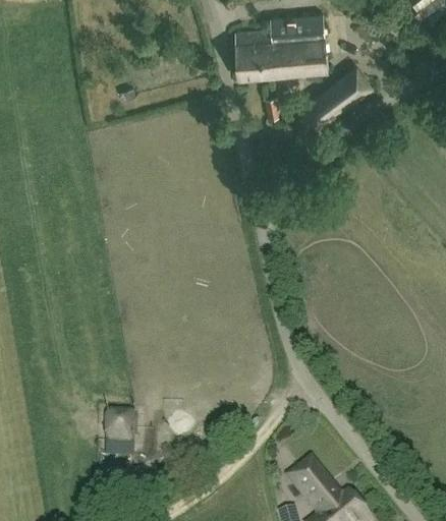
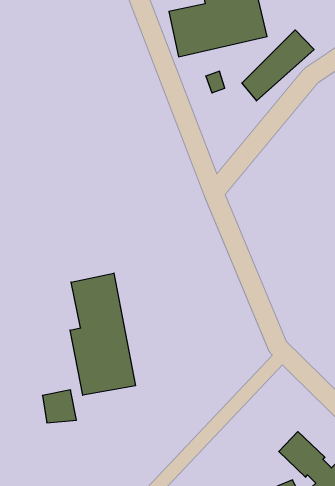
building: none -> [70,273,135,395]
building: [105,413,135,444] -> [42,390,76,423]

